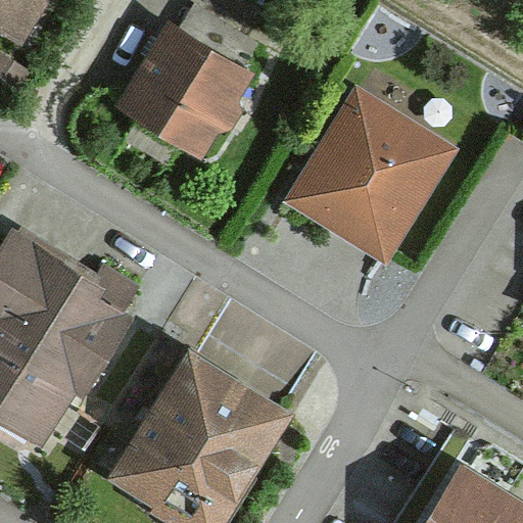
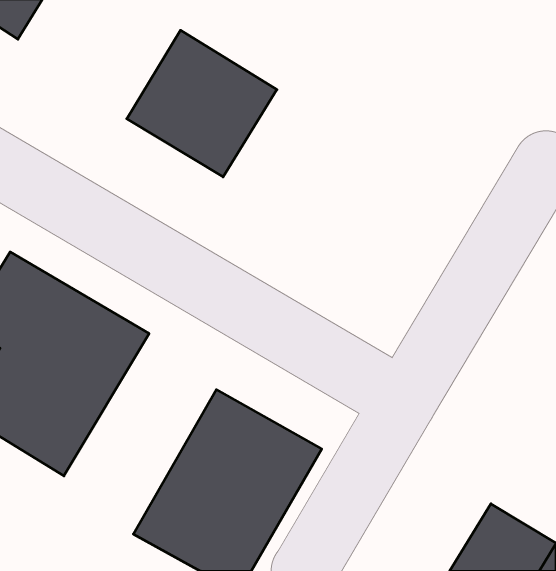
building: [289,90,455,262] -> none

